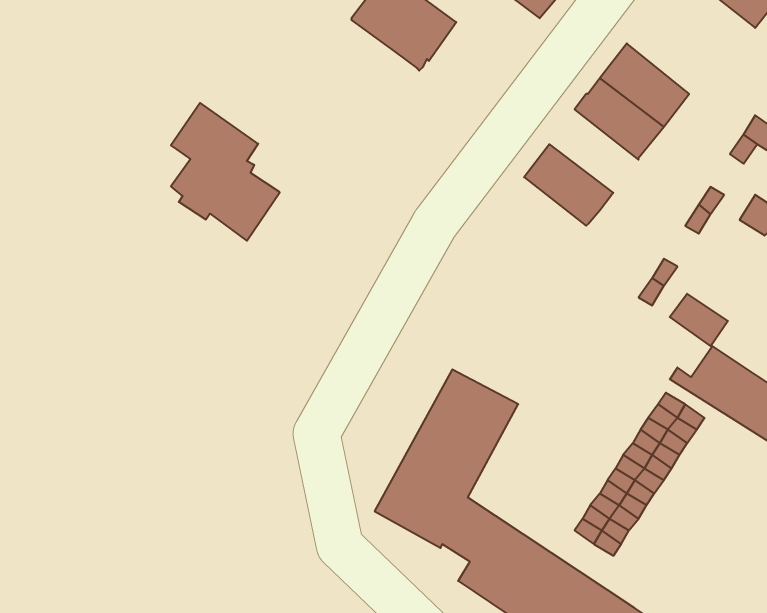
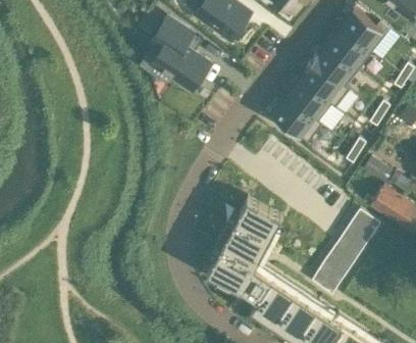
building: none -> [340,7,401,59]
building: [171,103,280,241] -> [152,16,209,89]
building: none -> [299,59,350,107]
building: none -> [271,95,323,142]

